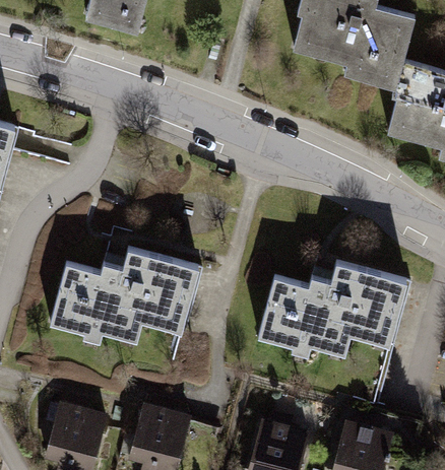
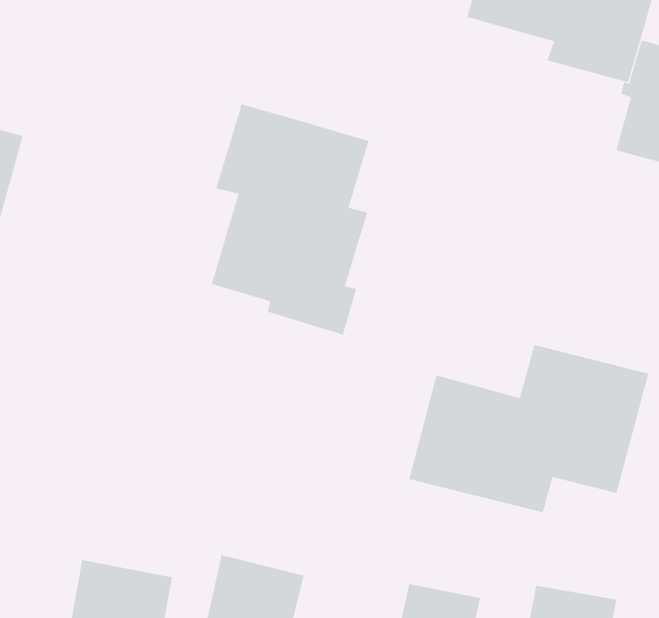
building: none -> [211,104,369,336]
building: [50,236,202,341] -> none

